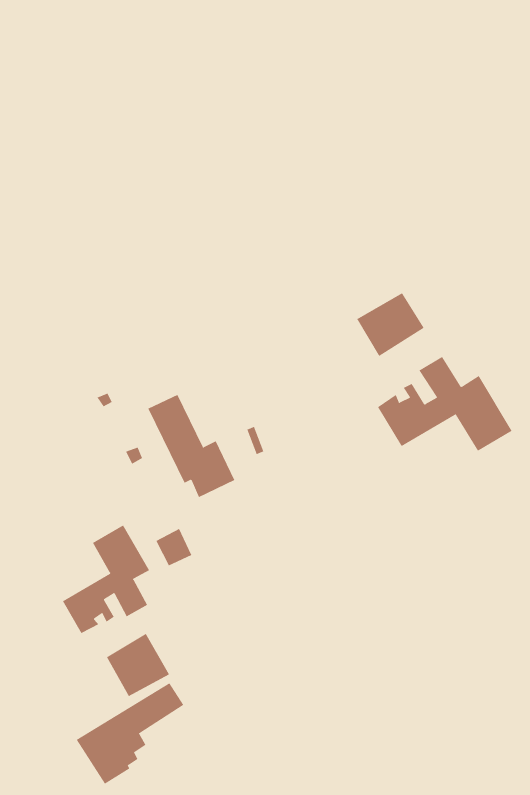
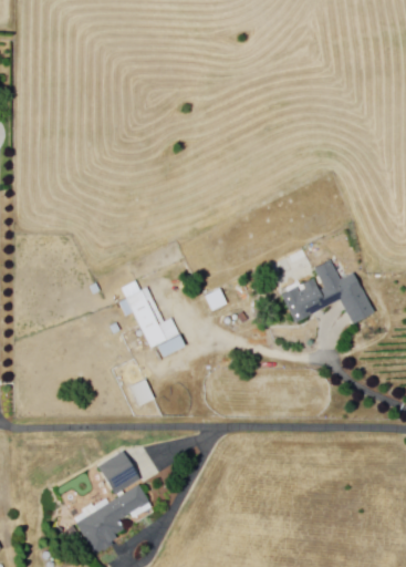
building: [356,292,424,357] -> none
building: [62,524,150,634] -> none

